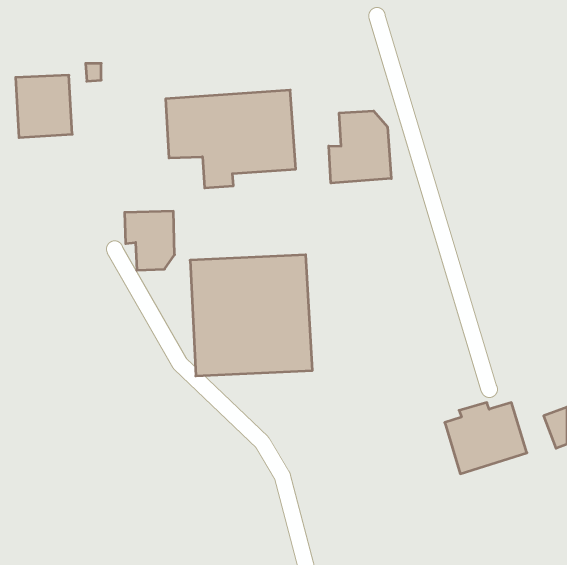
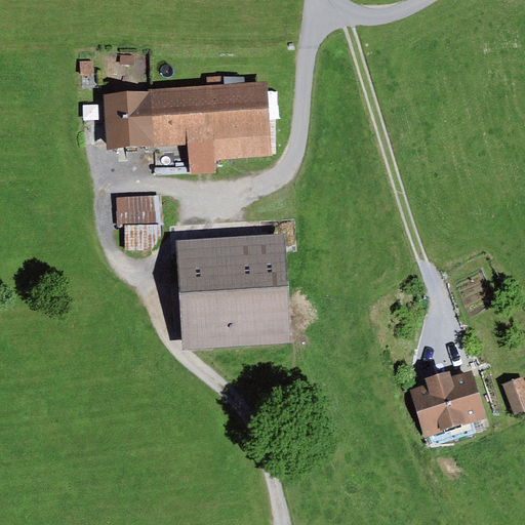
building: [16,75,72,138] -> [104,91,156,149]
building: [329,111,391,183] -> none

